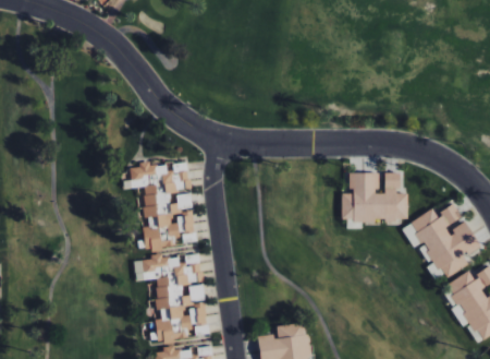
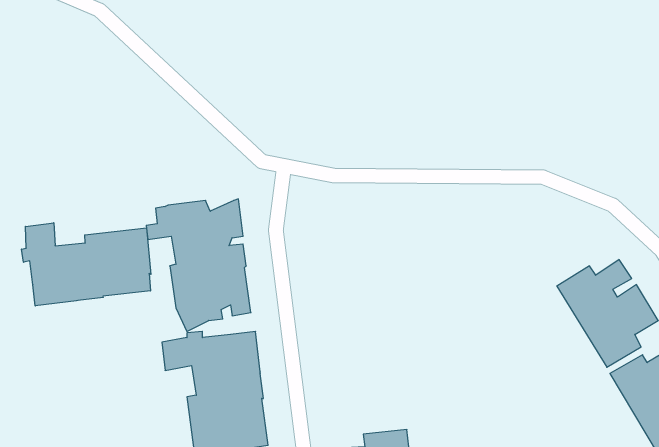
building: [341,172,407,222] -> none
building: none -> [22,223,151,306]

